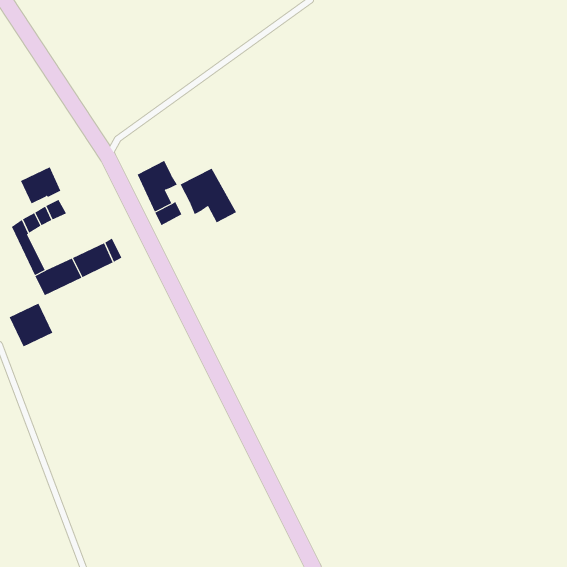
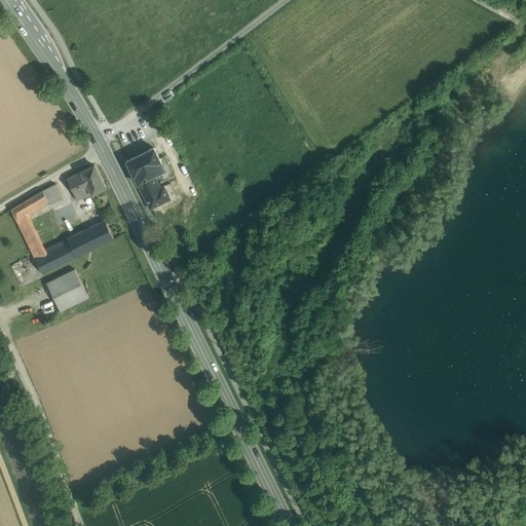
building: [20,166,61,204] -> [66,166,104,201]
building: [180,168,237,223] -> none
building: [9,303,53,347] -> [46,270,87,311]

